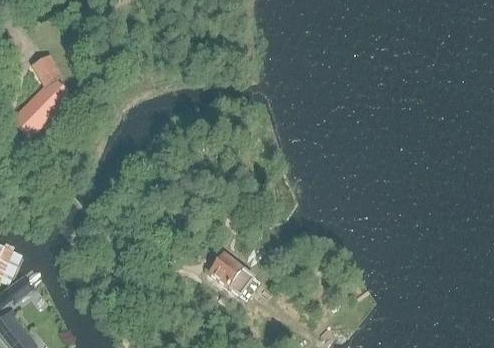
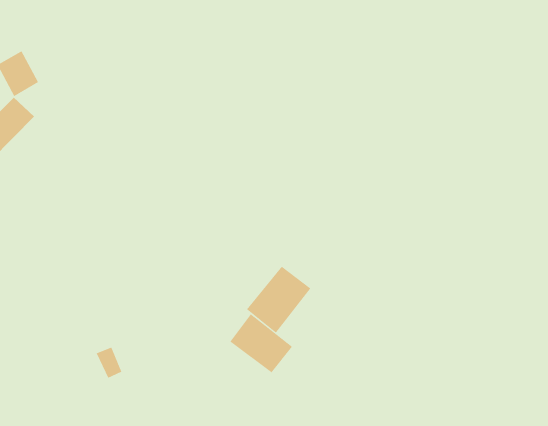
building: none -> [246,266,311,333]

